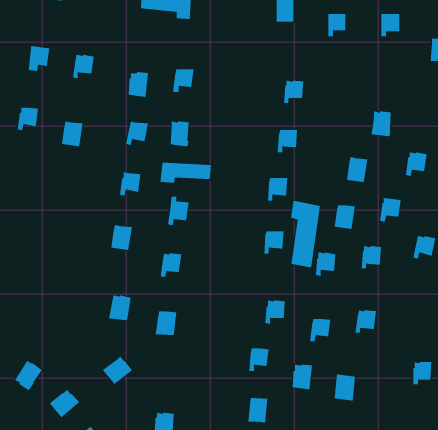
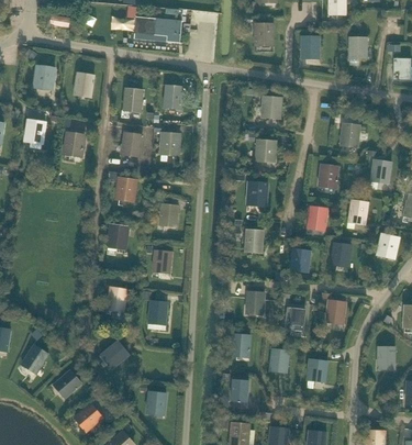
building: [160,162,212,183] -> none
building: [290,200,320,268] -> none

